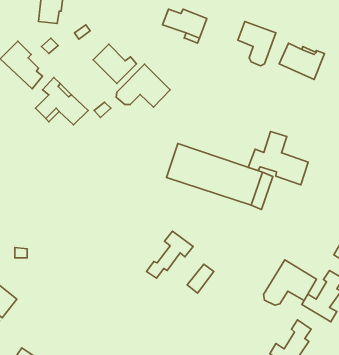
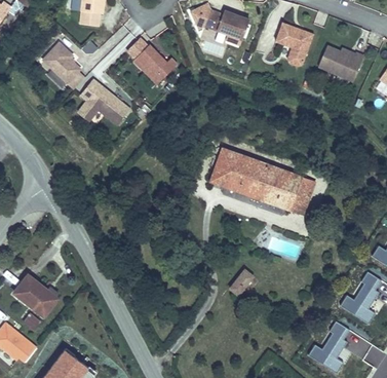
building: [116,64,170,107] -> none
building: [248,131,308,185] -> none
building: [147,231,193,278] -> none
building: [264,260,317,305] -> none

